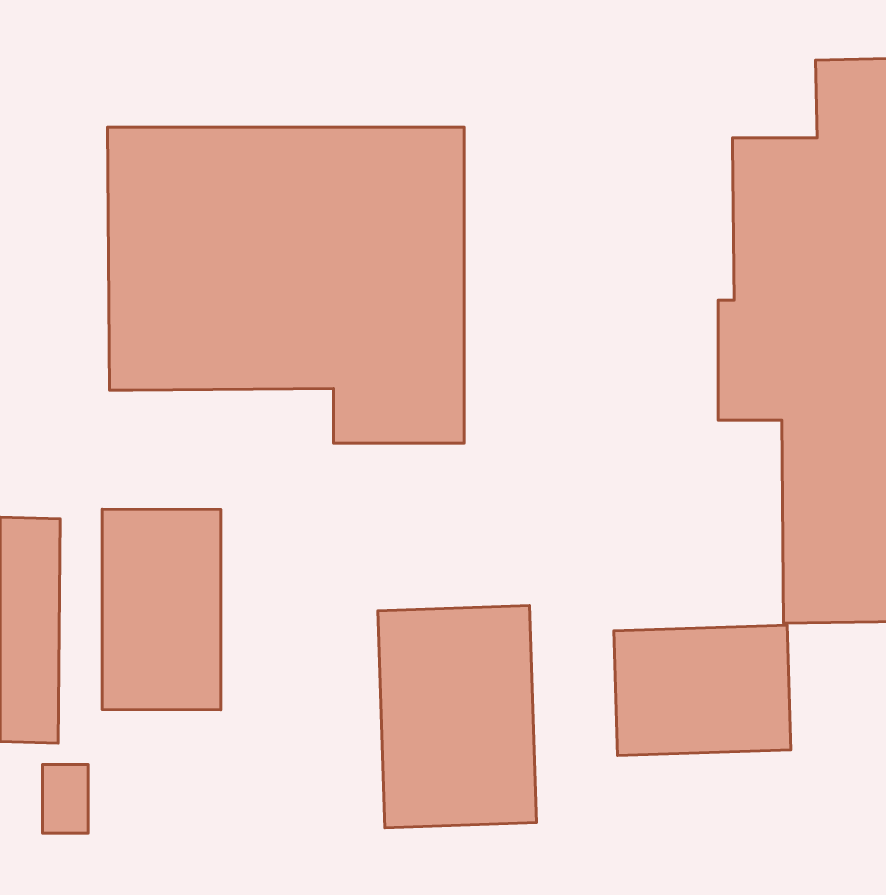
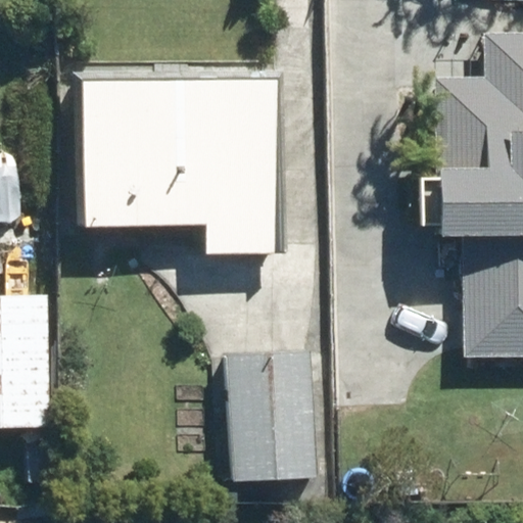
building: [102,509,221,710] -> none
building: [614,625,791,755] -> none

